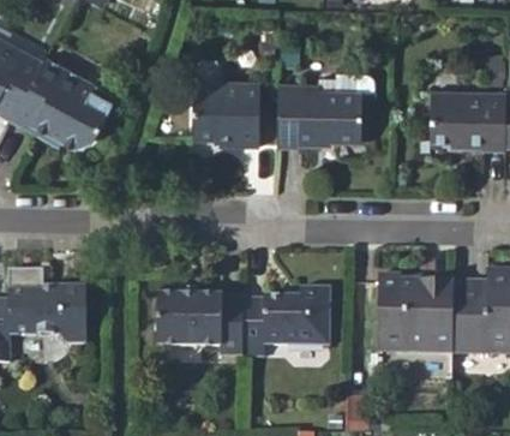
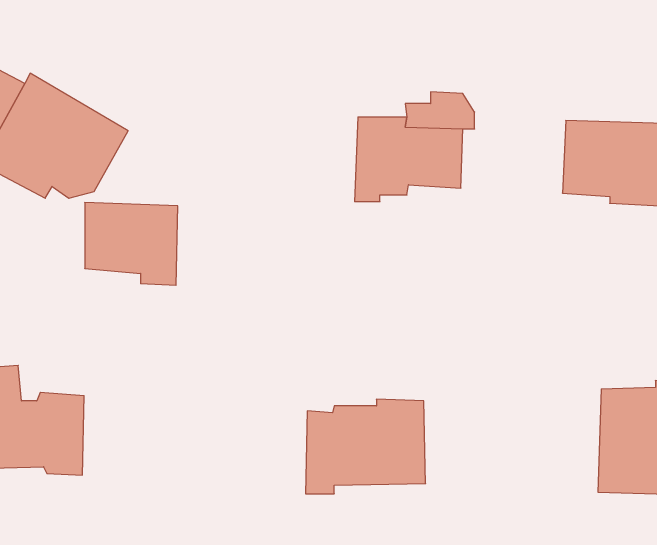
building: [193,86,259,145] -> [85,203,178,285]
building: [372,274,454,354] -> none
building: [162,292,245,356] -> none

